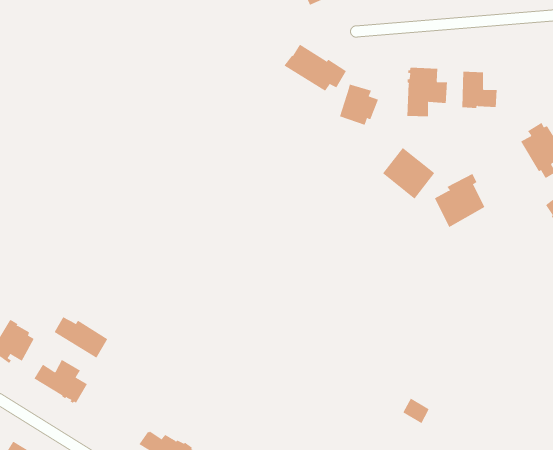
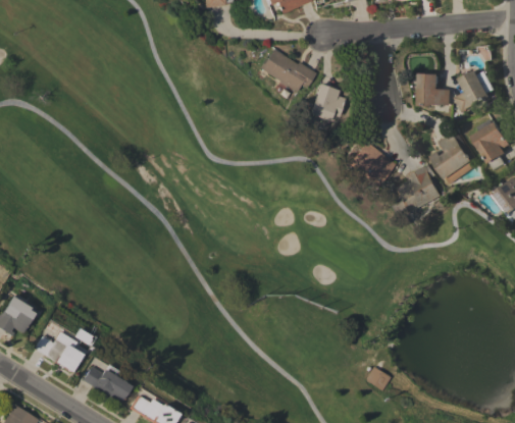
building: [407,67,447,117] -> none
building: none -> [455,69,492,112]
building: none -> [429,131,475,183]
building: [54,316,108,358] -> [83,366,132,404]

